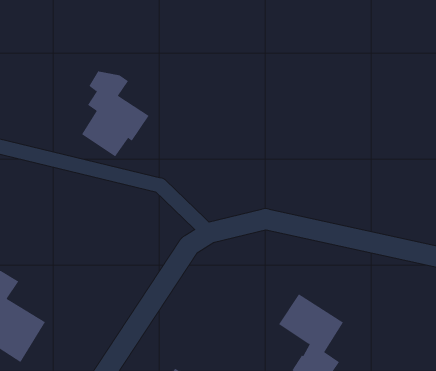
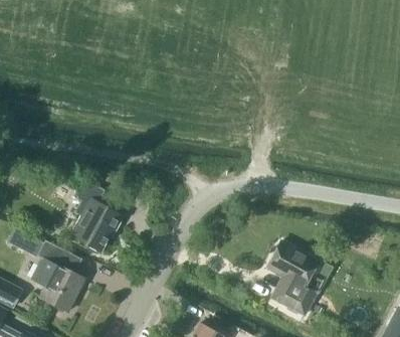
building: [81,71,149,157] -> [71,185,124,251]

